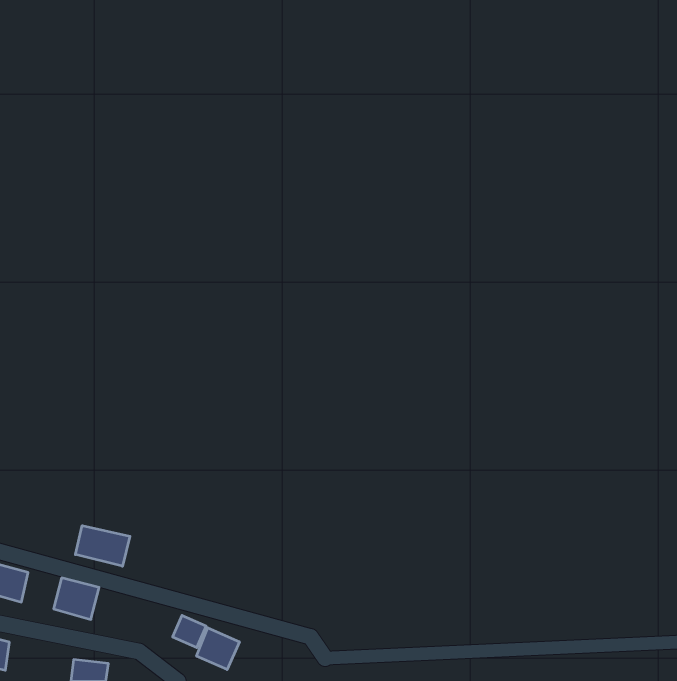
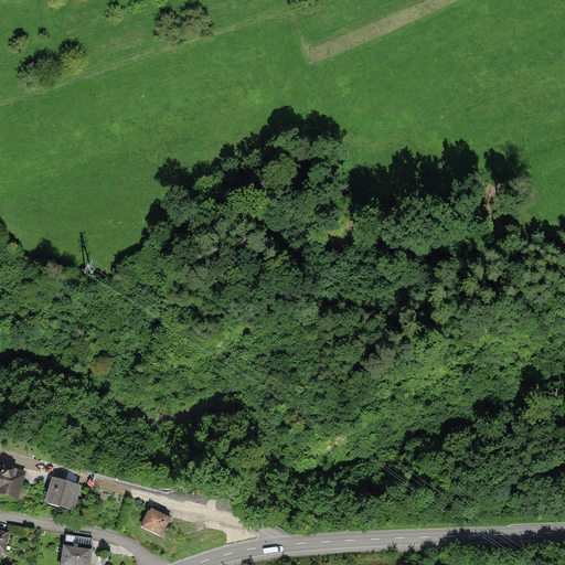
building: [75,526,130,566] -> none
building: [197,628,239,670] -> none

